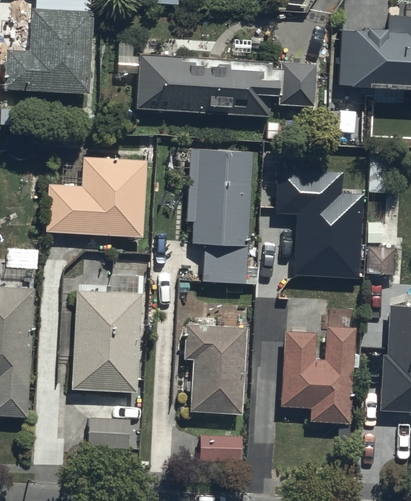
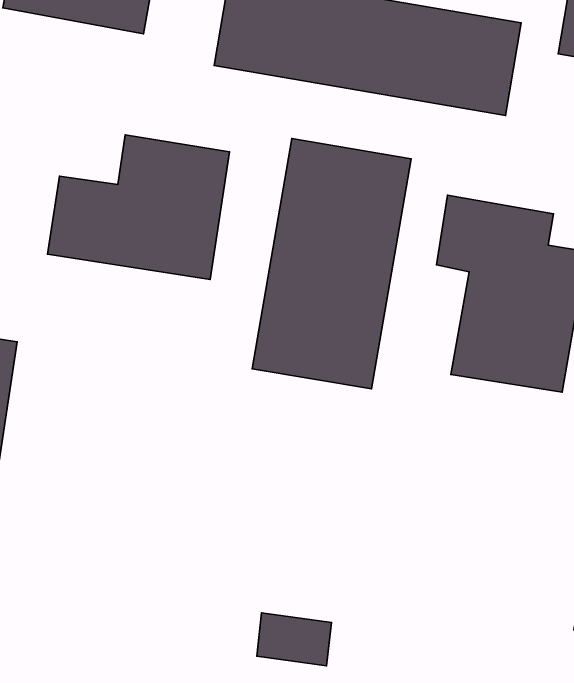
building: [72,290,146,394] -> none
building: [185,325,247,419] -> none
building: [282,328,356,425] -> none
building: [84,412,130,444] -> none

